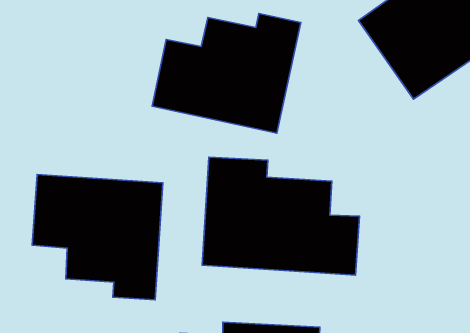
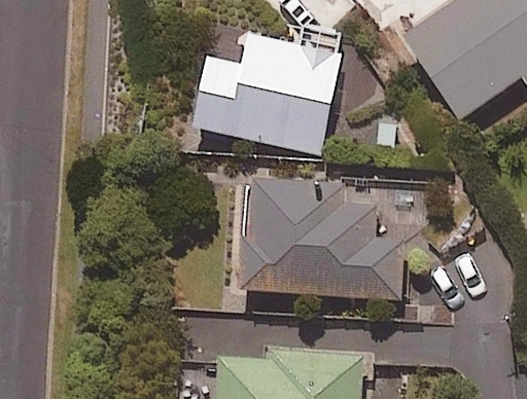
building: [32,175,163,300] -> none

